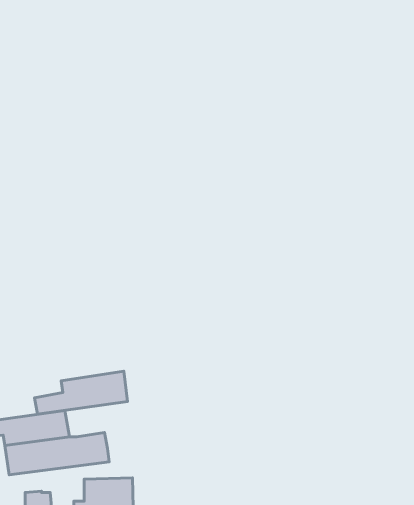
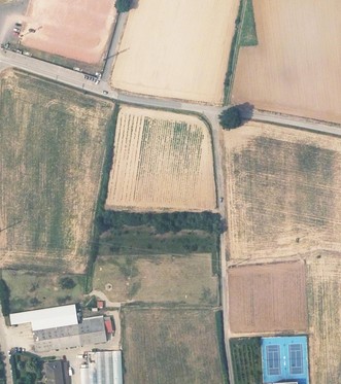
building: [35,371,128,414] -> none

